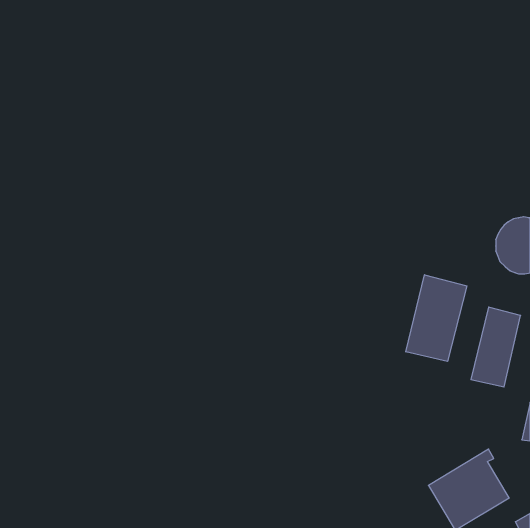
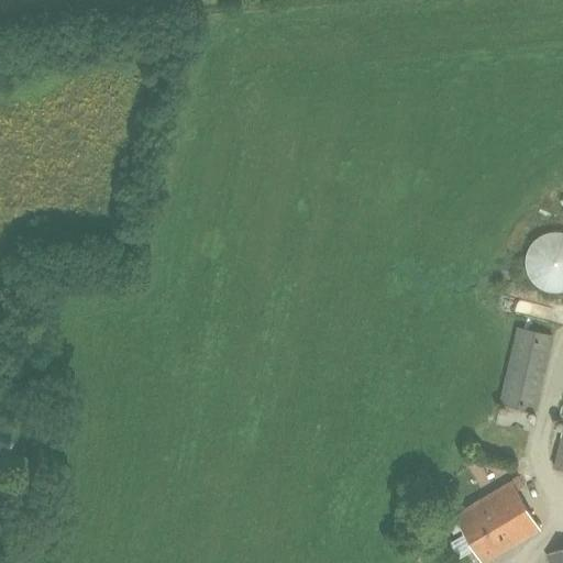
building: [406,275,467,361] -> none

